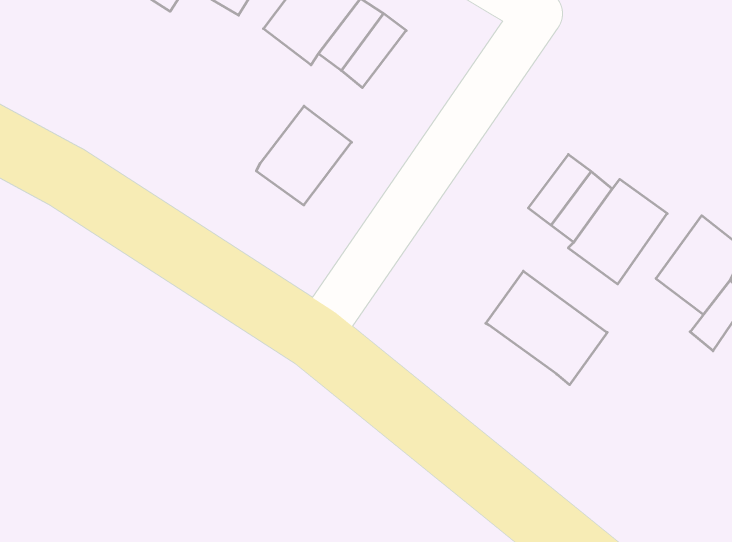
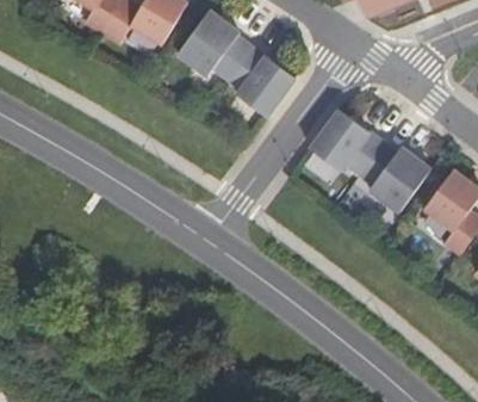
building: [256,106,352,205] -> [237,54,297,116]
building: none -> [310,110,368,171]
building: [486,271,607,385] -> none

